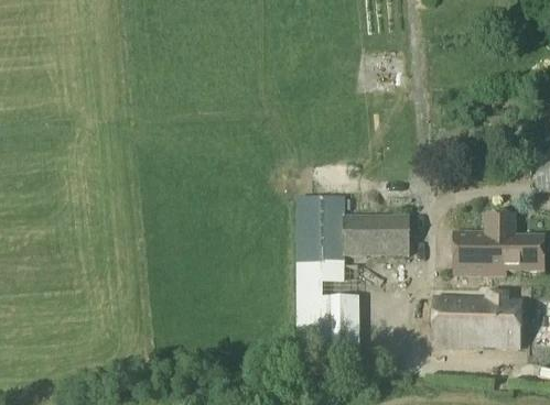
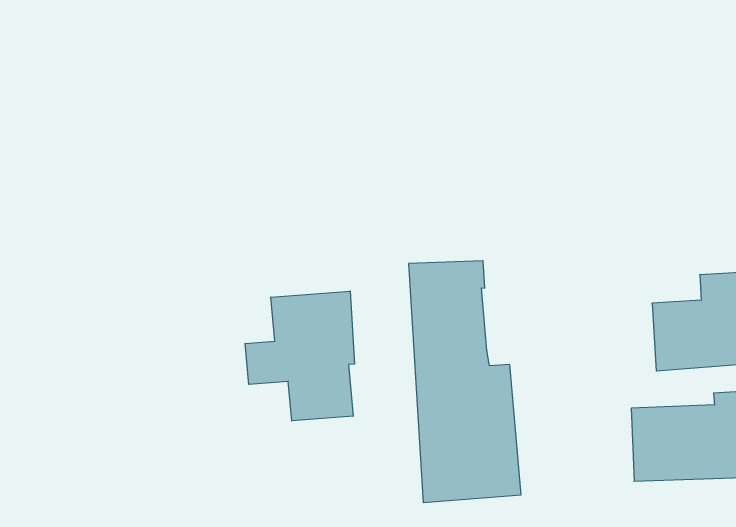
building: none -> [245,291,354,421]
building: [344,212,411,255] -> none

